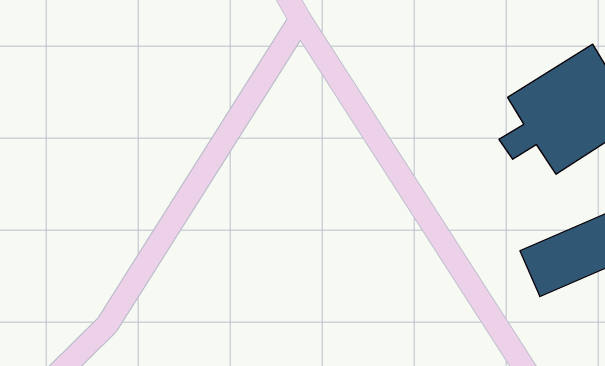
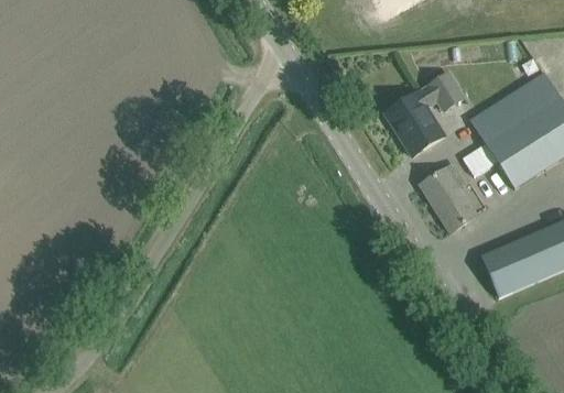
building: none -> [386,70,467,155]
building: none -> [421,163,477,231]

